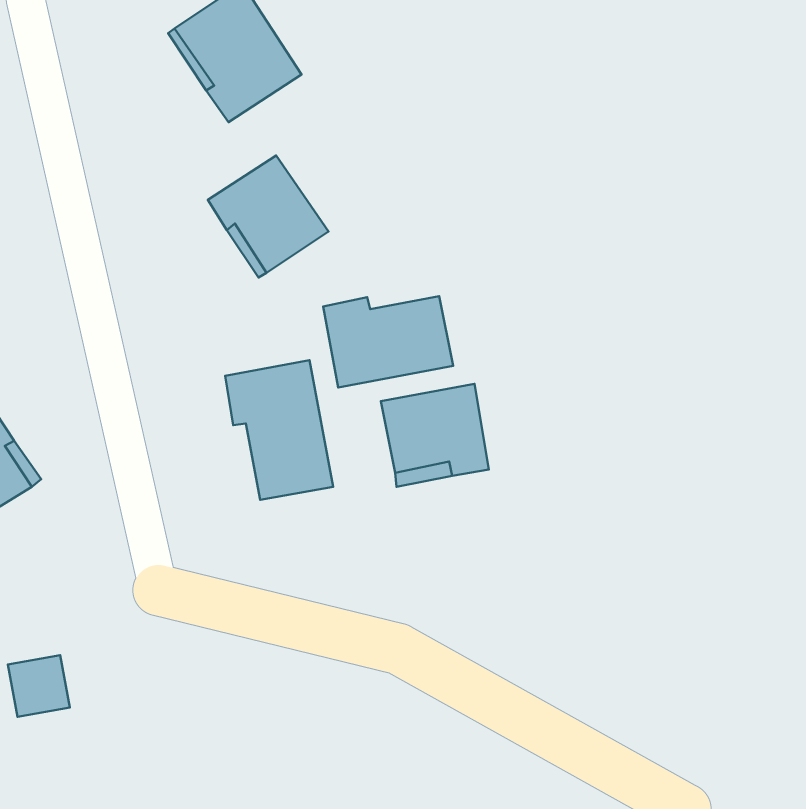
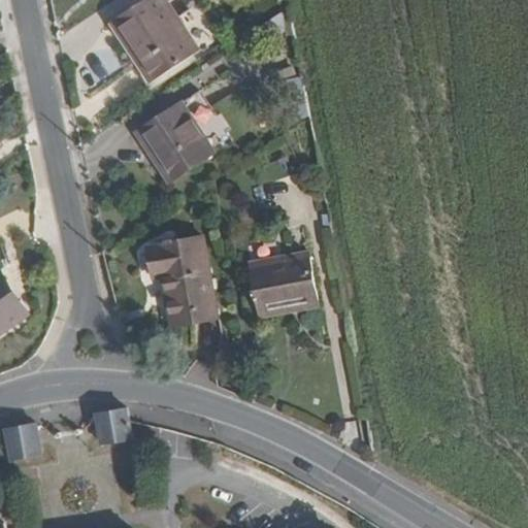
building: [323,296,453,387] -> none
building: none -> [91,409,131,447]

